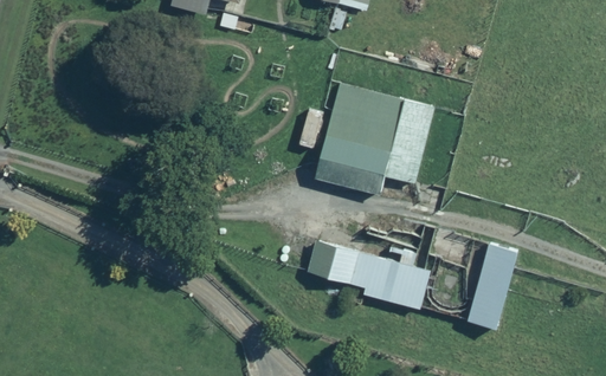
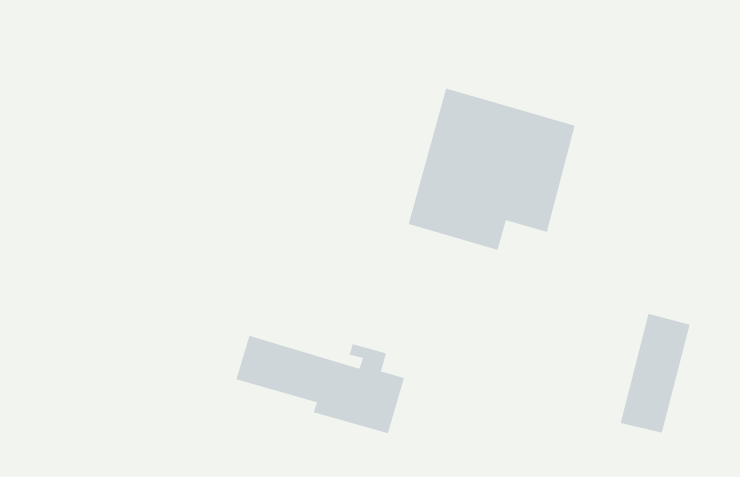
building: [308,239,430,310] -> [236,335,405,434]

